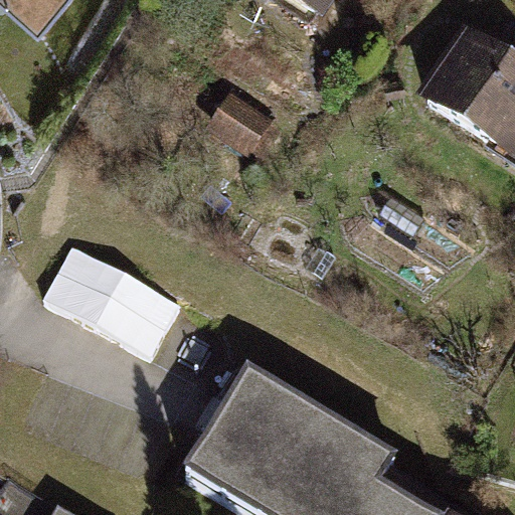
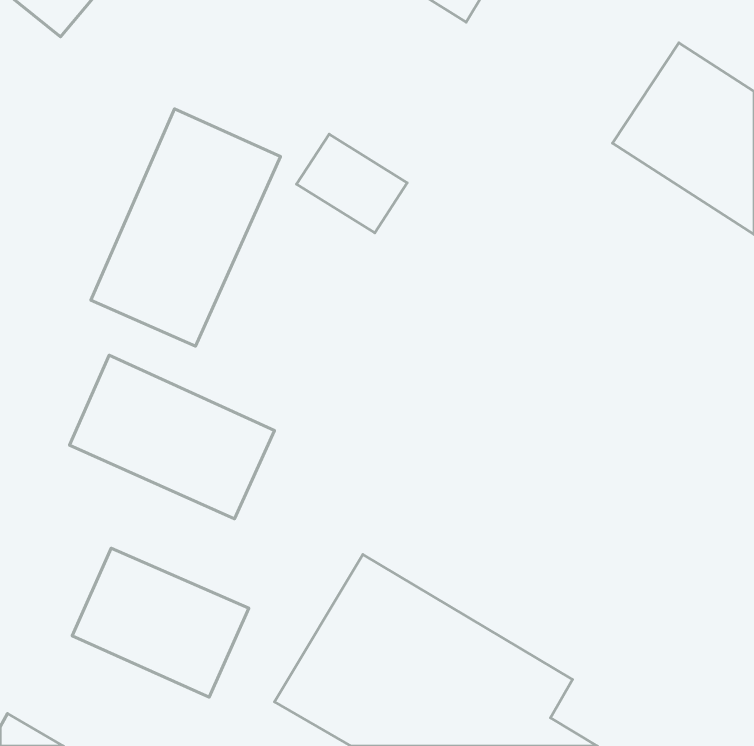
building: none -> [91,109,280,346]
building: none -> [72,548,249,697]

